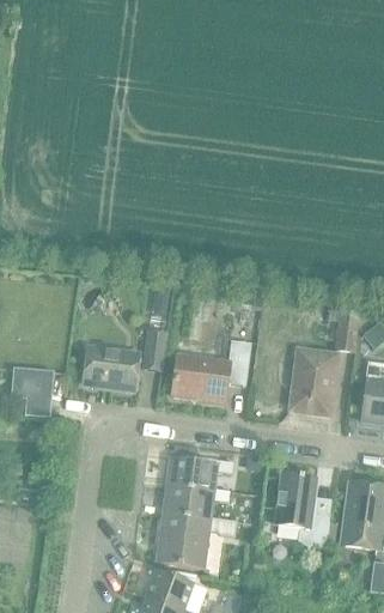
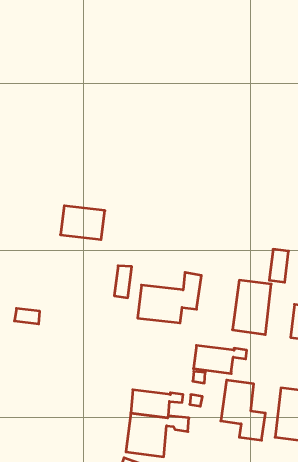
building: [83,346,138,388] -> [60,206,105,240]
building: [165,454,231,488] -> [193,345,247,374]

